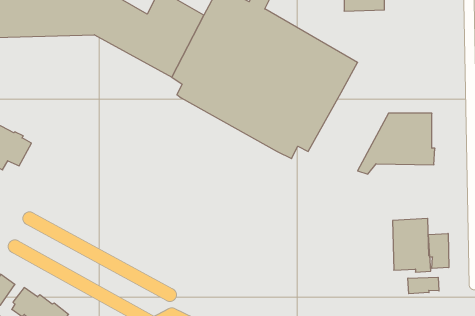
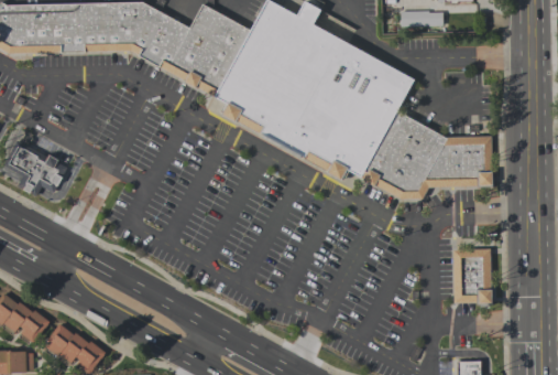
building: none -> [361,112,447,201]
building: [429,233,449,268] -> none
building: [408,277,439,294] -> none

